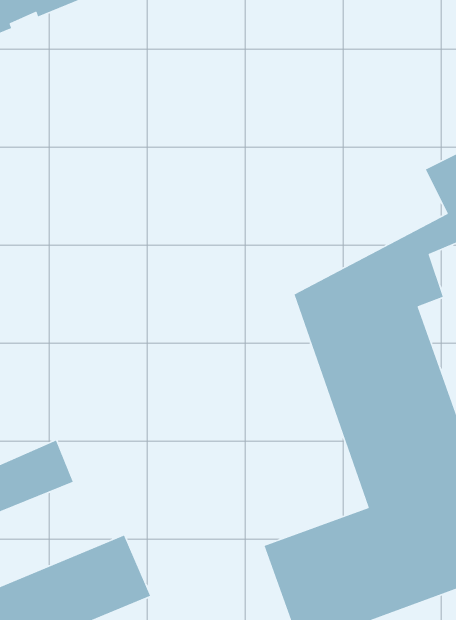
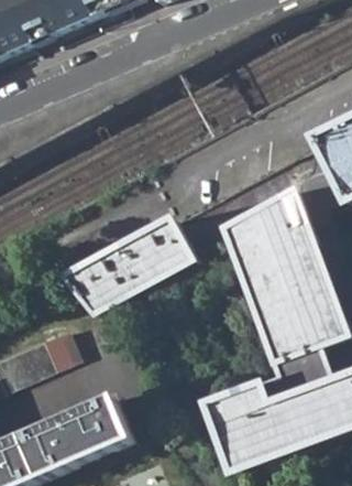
building: none -> [64,217,192,312]

